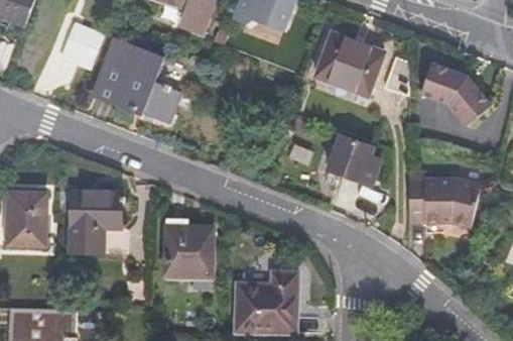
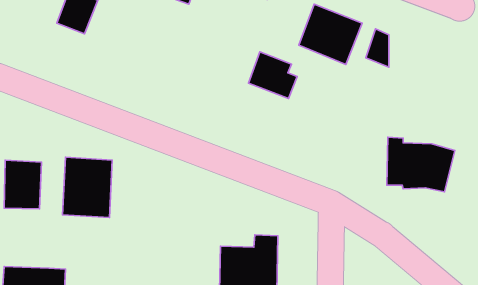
building: [90,34,180,119] -> none
building: [423,62,493,125] -> none
building: [332,135,383,185] -> [248,52,297,99]
building: [165,227,212,283] -> none

